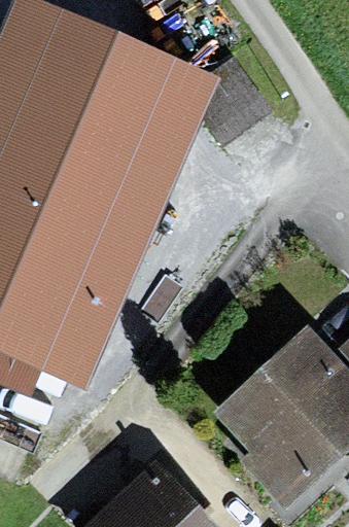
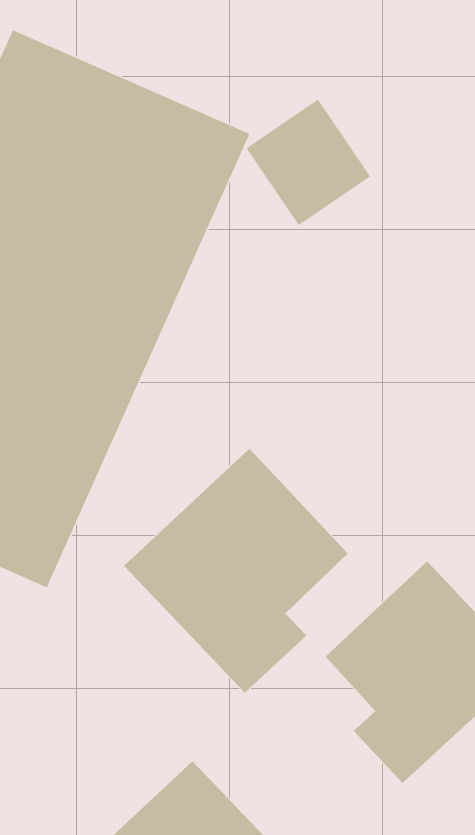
building: none -> [123,448,349,694]

